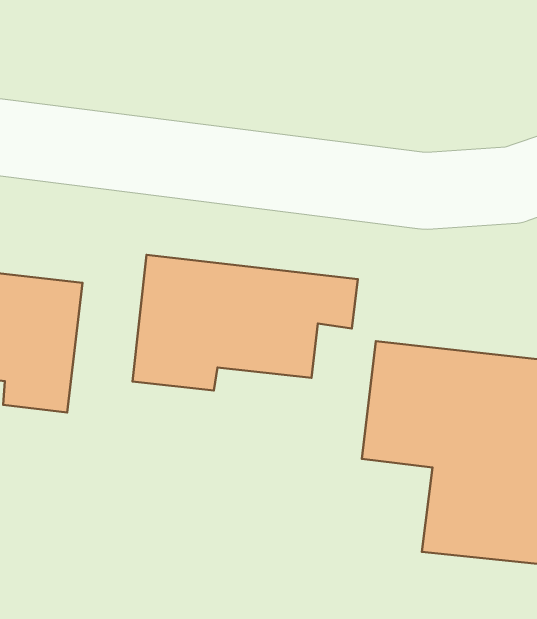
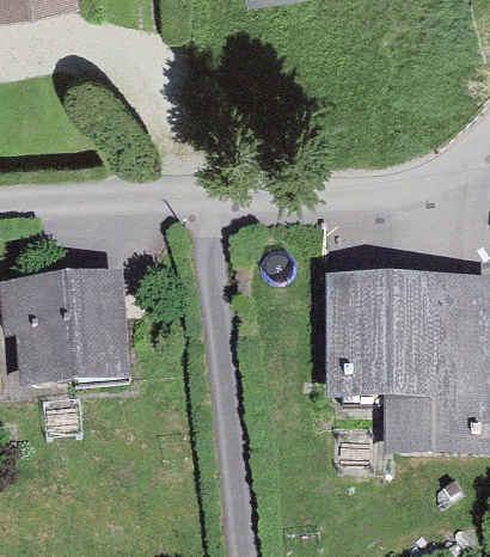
building: [133,255,358,391] -> none

